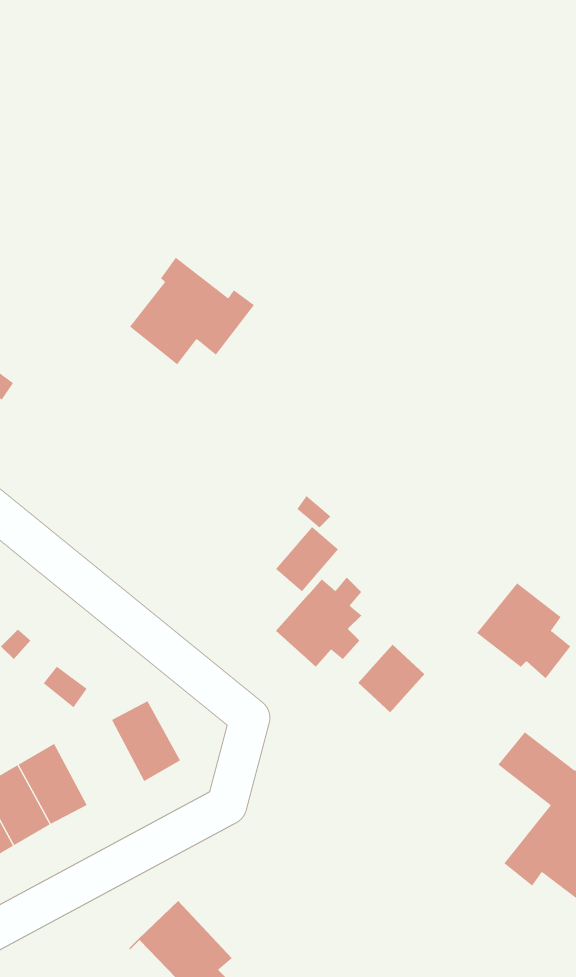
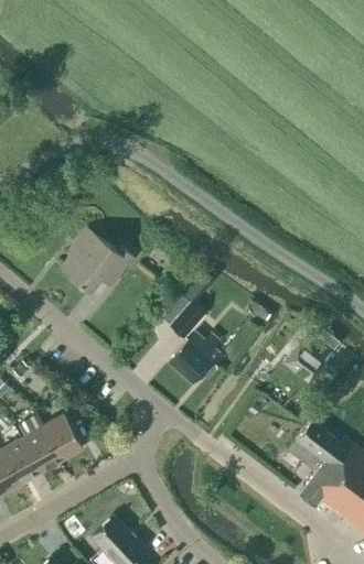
building: [129,257,255,365] -> [60,228,131,290]
building: [358,644,425,713] -> none
building: [111,701,181,782] -> [42,414,82,460]

